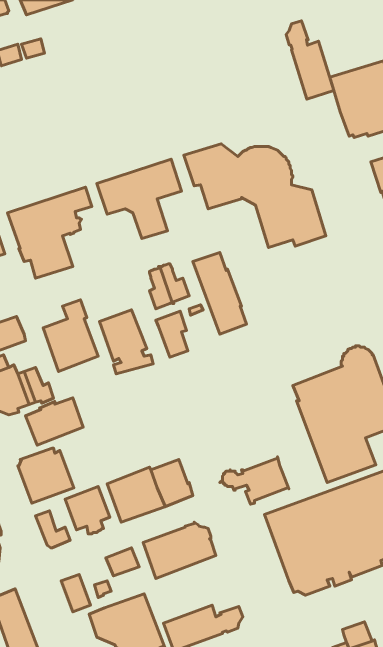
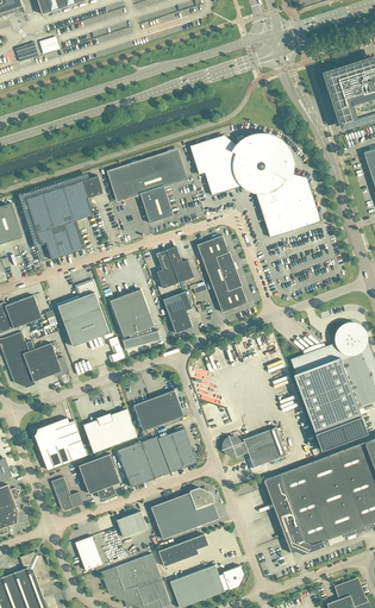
building: [286,21,334,99] -> none
building: [26,398,83,445] -> [82,408,136,452]
building: none -> [132,389,183,431]
building: none -> [157,533,207,566]

